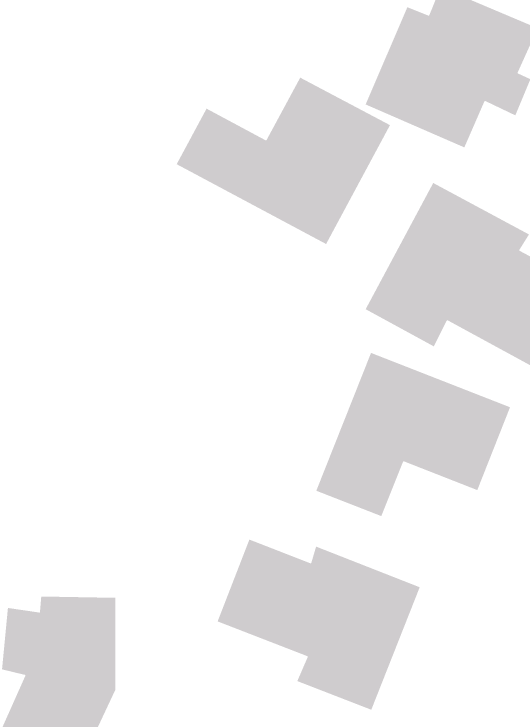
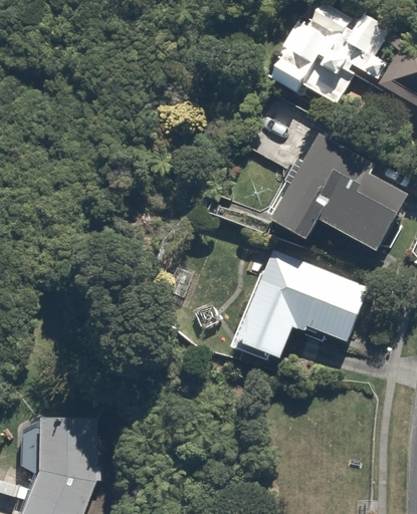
building: [176,76,391,245] -> none
building: [217,538,421,711] -> none

